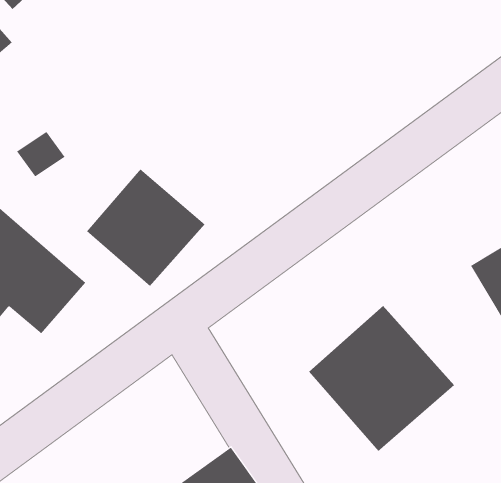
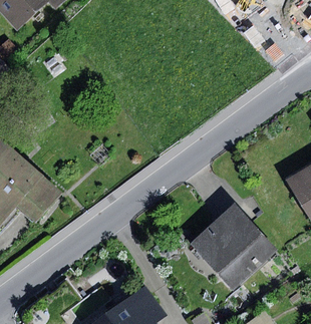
building: [86,168,206,287] -> none

